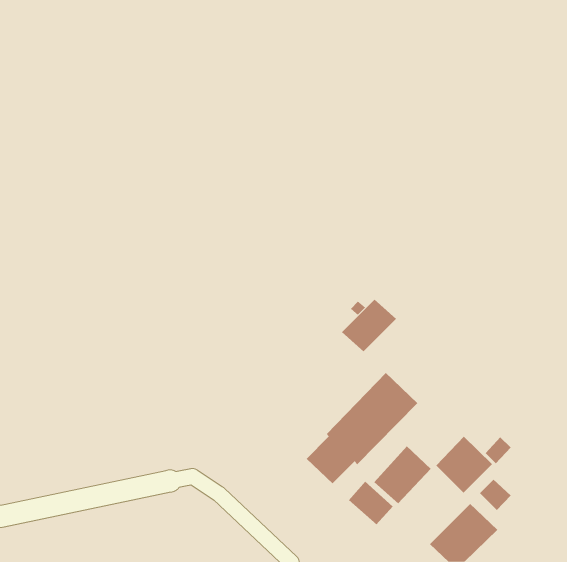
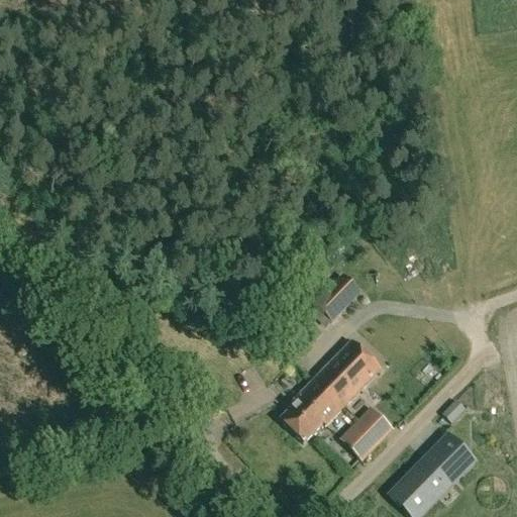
building: [435,436,493,493] -> none
building: [348,481,394,525] -> none

